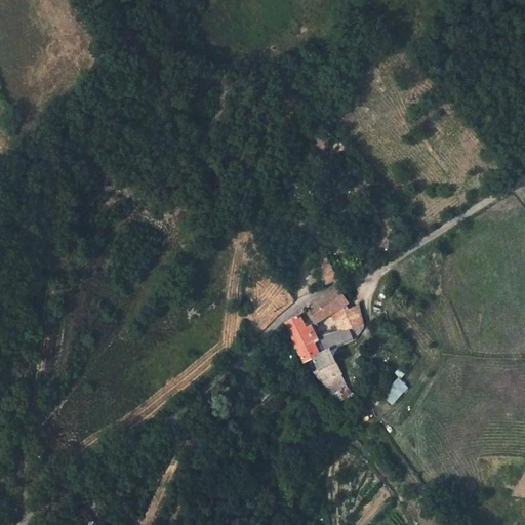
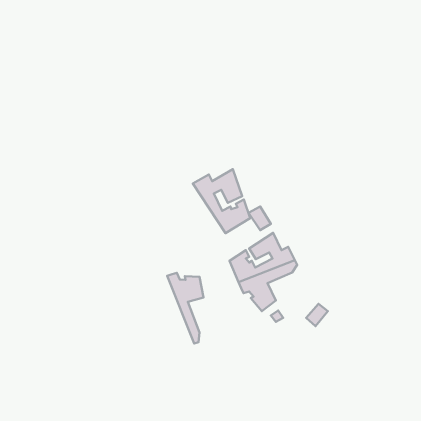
building: none -> [193,169,250,233]
building: none -> [167,273,203,343]

